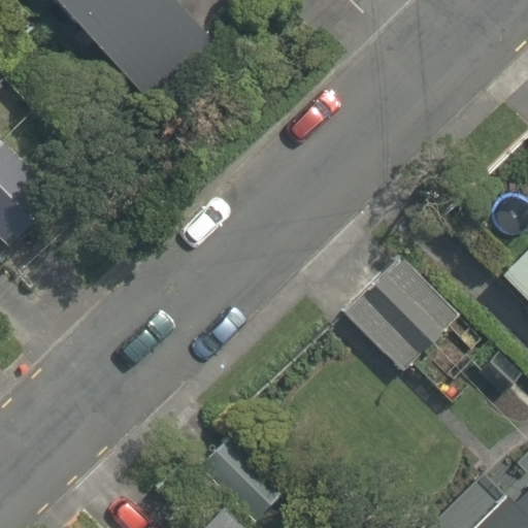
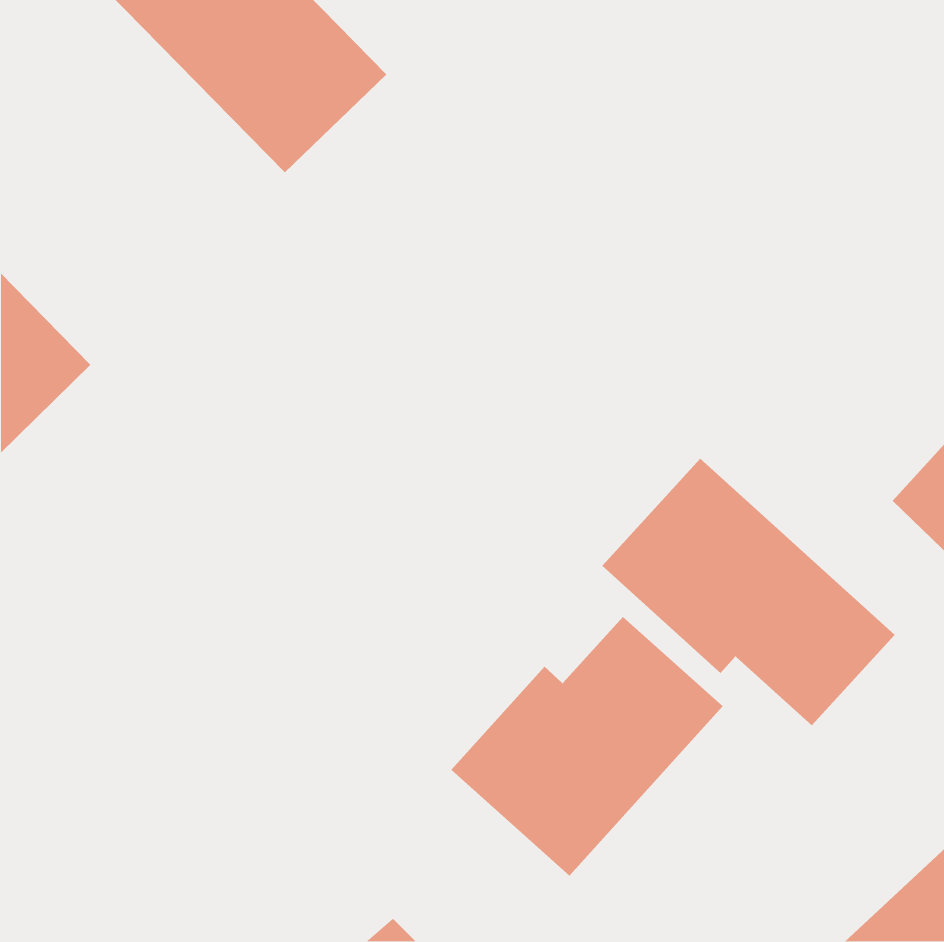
building: none -> [451,616,724,876]

